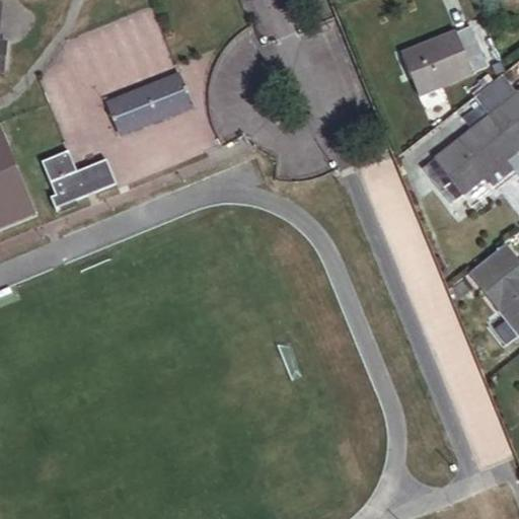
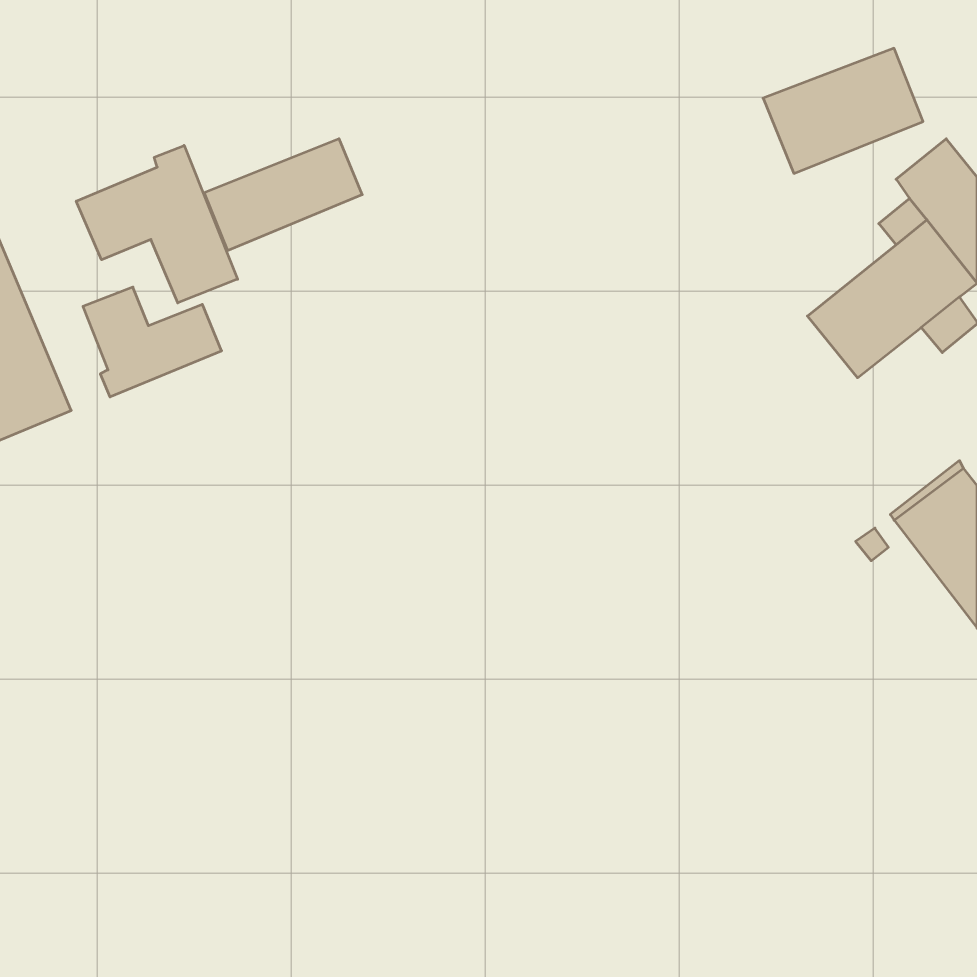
building: none -> [76,145,238,303]

